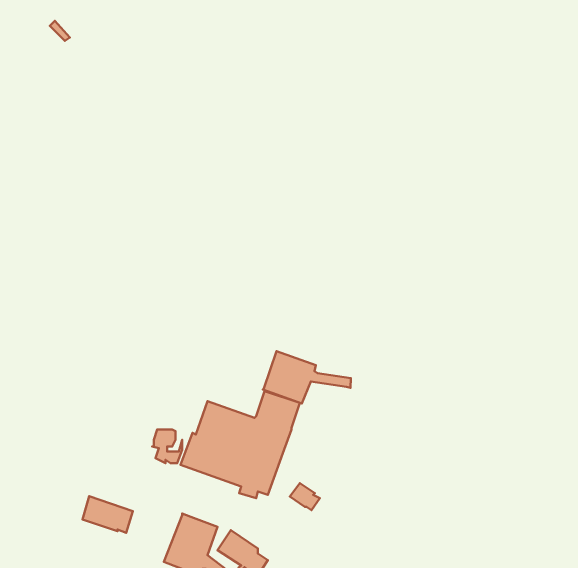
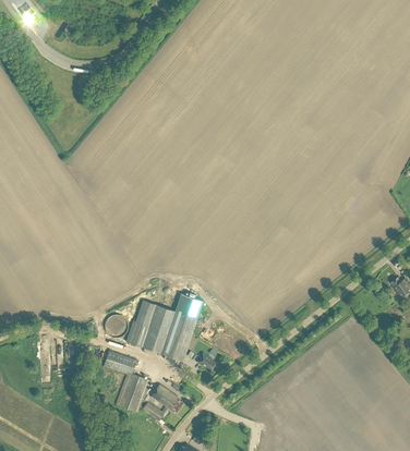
building: [263,351,351,404] -> none
building: [82,496,133,533] -> [104,350,136,374]

